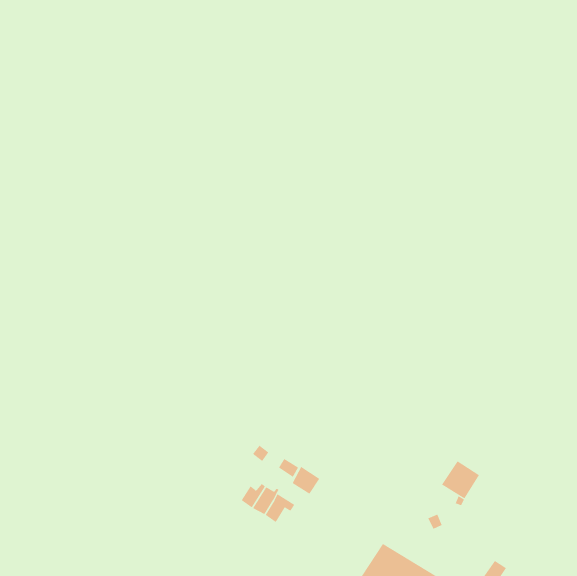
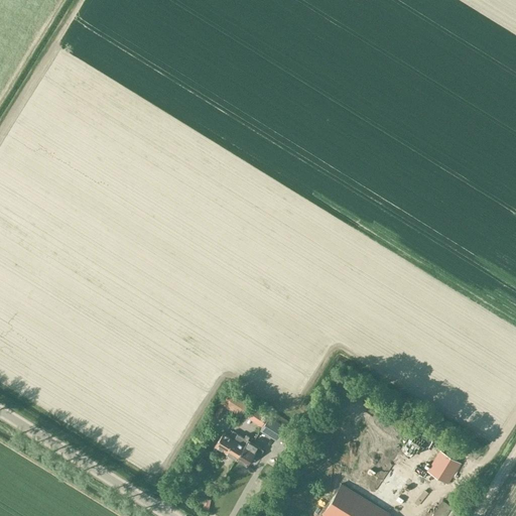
building: [441,461,480,499] -> [426,452,461,486]

